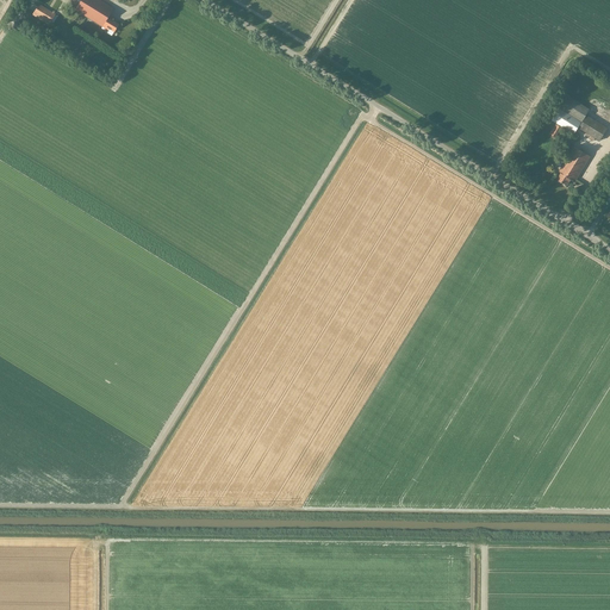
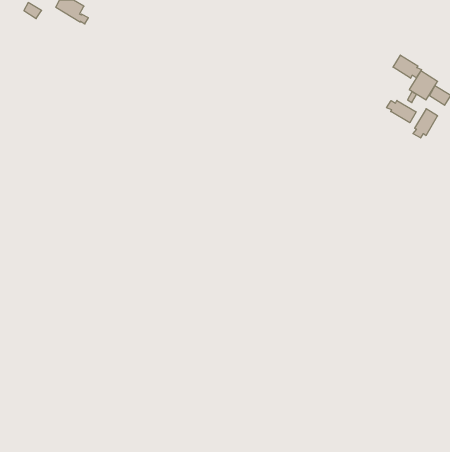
building: none -> [393,55,422,78]
building: none -> [387,100,416,123]

